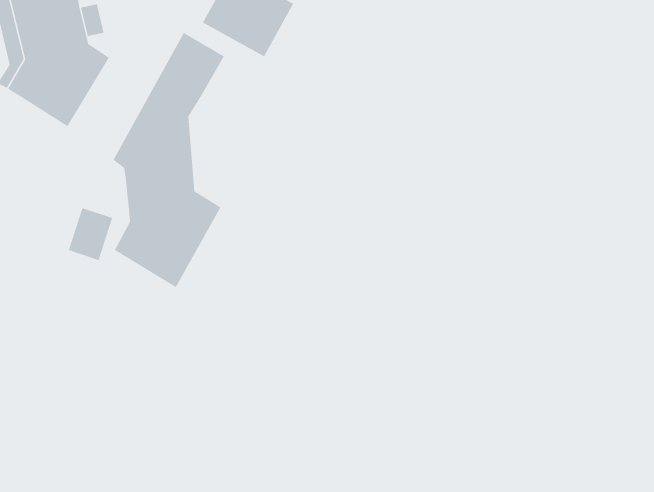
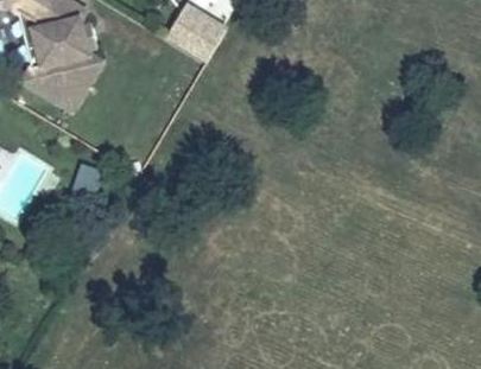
building: [112,32,225,288] -> none

